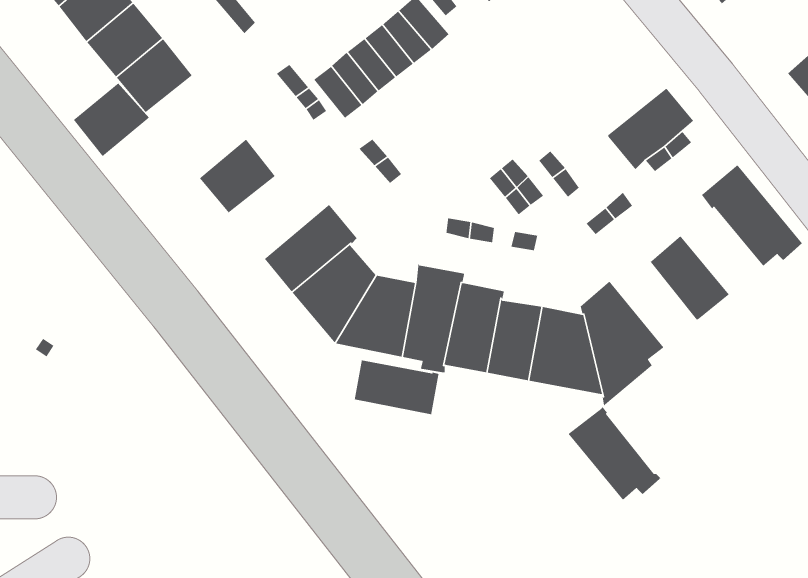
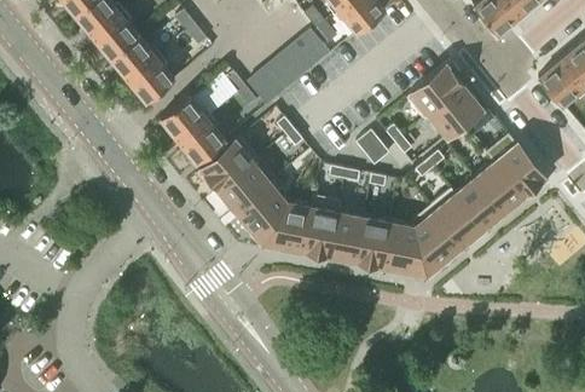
building: none -> [406,60,464,120]
building: [73,82,150,157] -> [160,96,207,142]
building: none -> [196,136,257,191]
building: none -> [473,160,523,213]
building: [354,360,441,415] -> none
building: [567,406,662,501] -> [429,188,487,246]

